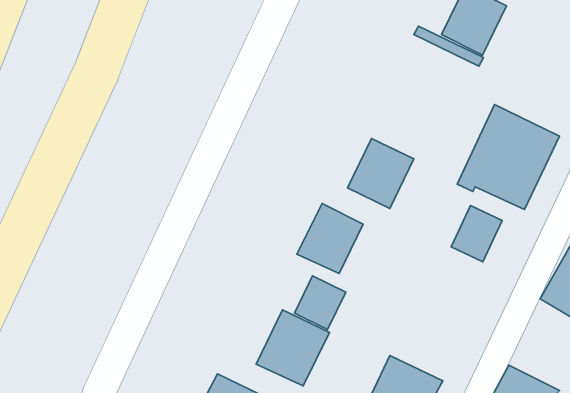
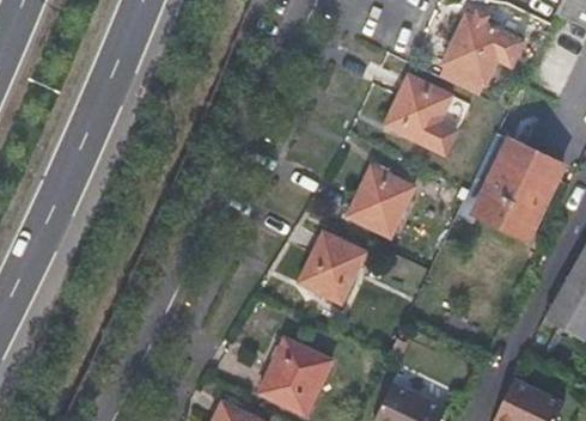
building: none -> [389,75,459,153]
building: [451,206,502,262] -> none
building: [294,276,346,329] -> none

